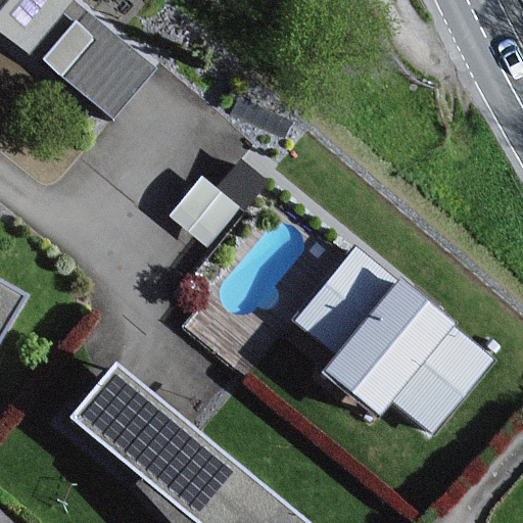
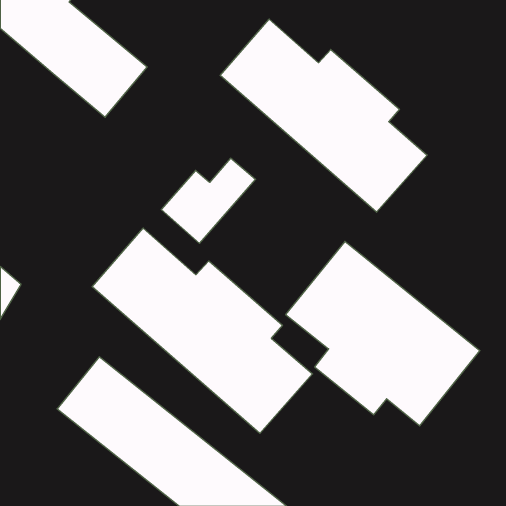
building: none -> [220,19,427,212]
building: none -> [92,228,313,433]

